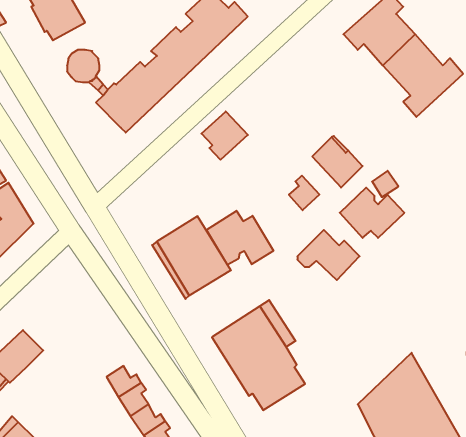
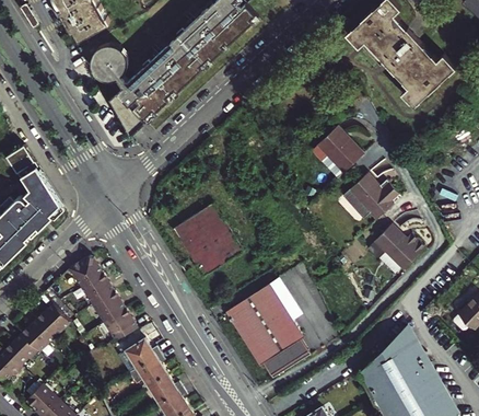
building: none -> [112,96,145,139]
building: [201,111,248,160] -> none
building: [289,176,319,210] -> none
building: [207,211,273,265] -> none
building: [297,230,360,280] -> [366,223,423,269]
building: none -> [68,255,137,338]

